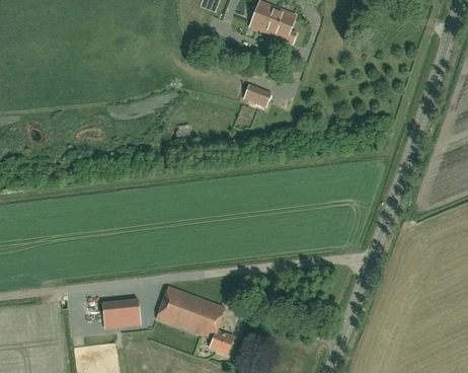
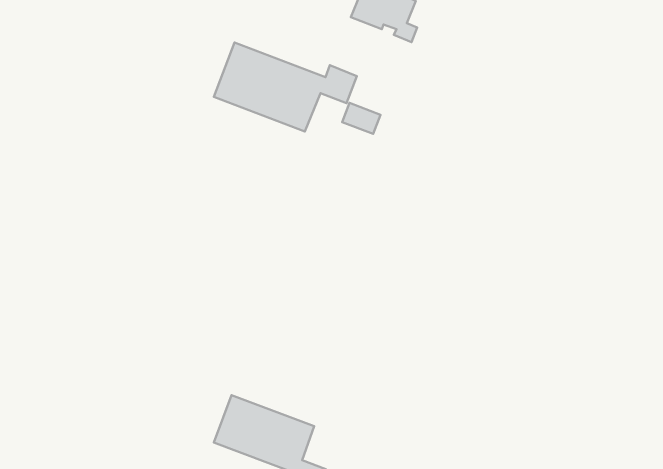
building: none -> [214,43,357,132]
building: [102,299,140,323] -> none

